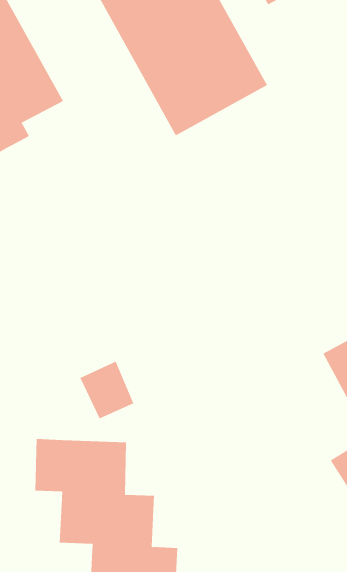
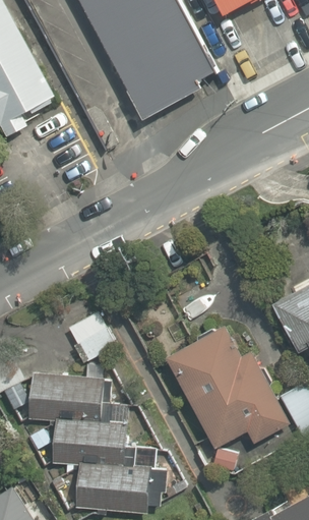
building: none -> [165,326,288,447]

